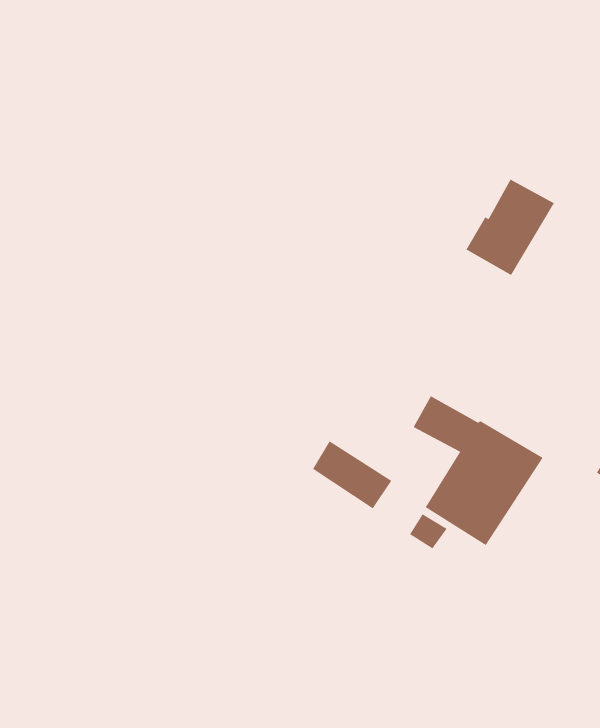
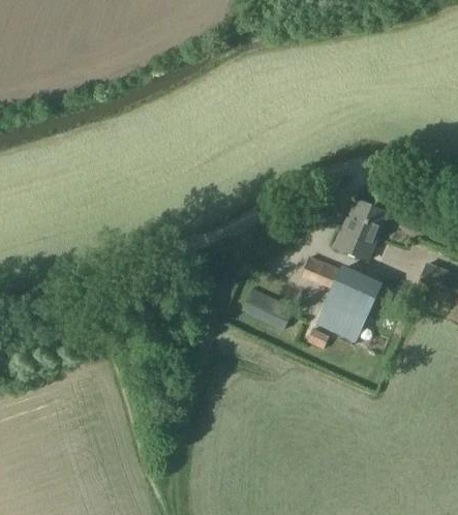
building: [465,179,555,276] -> [336,201,387,260]

